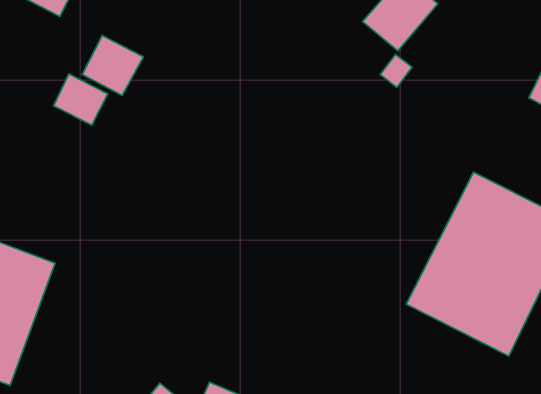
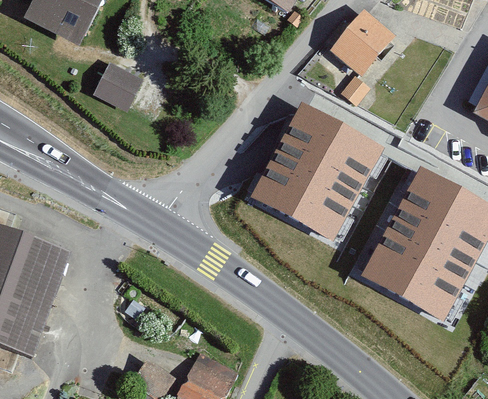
building: [53,74,108,125] -> none
building: none -> [257,108,392,250]

